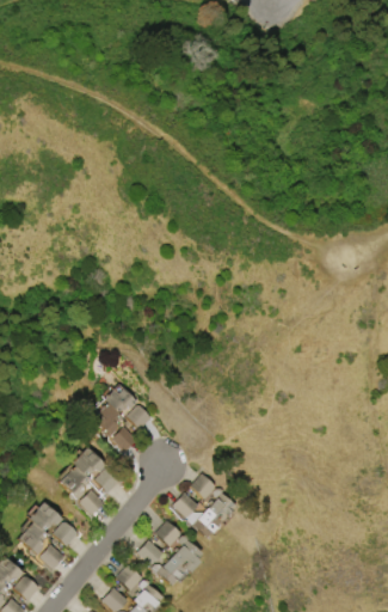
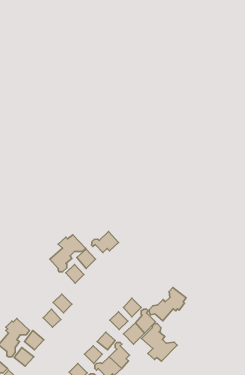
building: none -> [91,232,119,253]
building: [54,447,100,502] -> none
building: none -> [149,288,186,321]
building: none -> [141,324,177,361]

